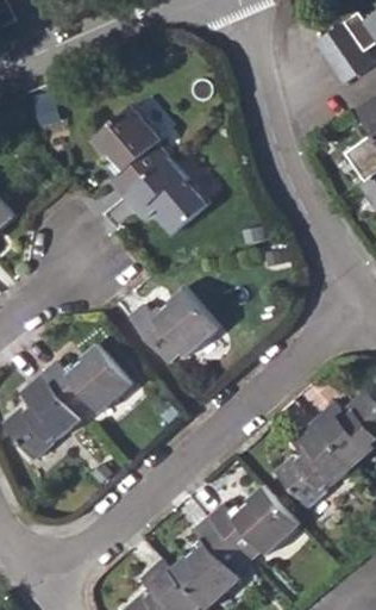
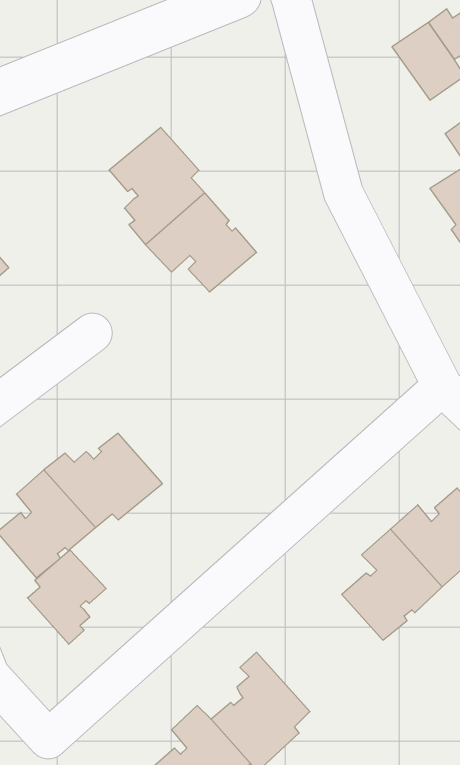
building: [127,288,220,363] -> none
building: none -> [27,550,106,644]
building: [208,486,301,564] -> none

